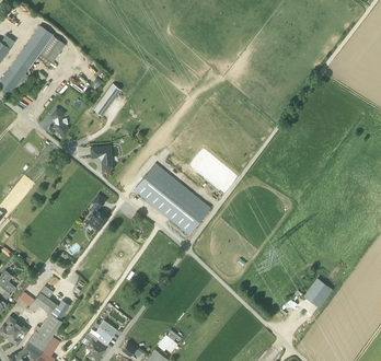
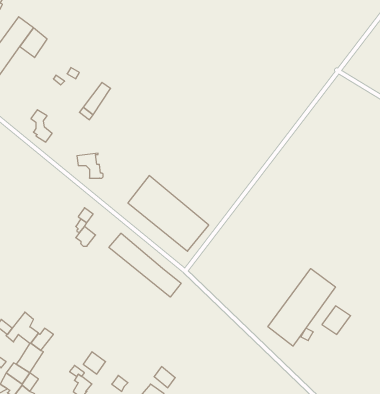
building: none -> [109,233,181,297]
building: none -> [268,269,335,346]

